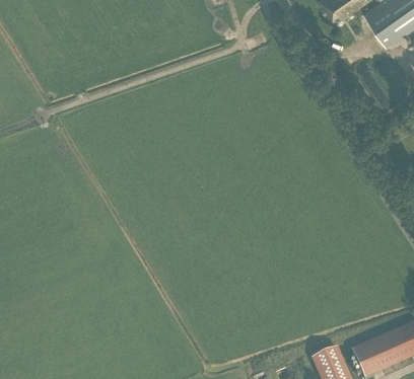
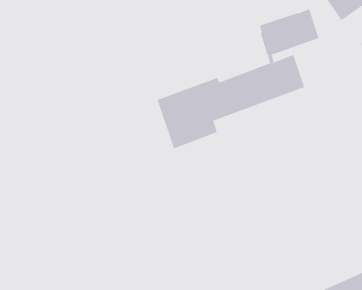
building: none -> [157,9,319,149]

